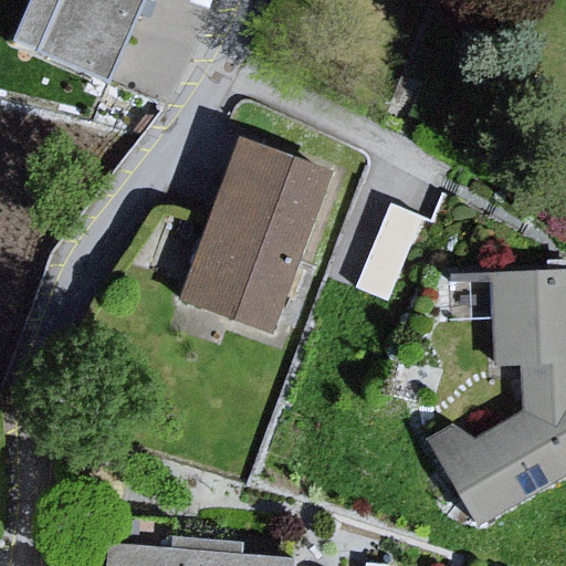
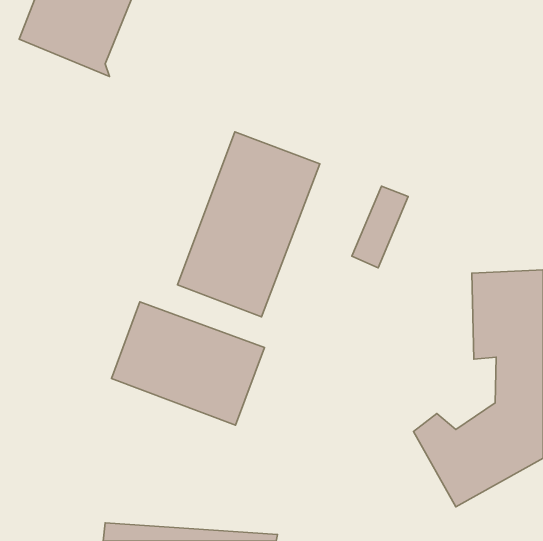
building: none -> [111,302,265,425]

